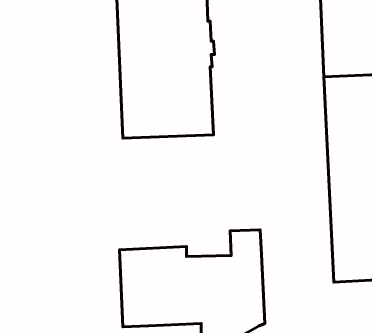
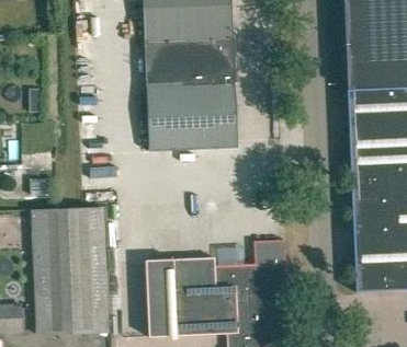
building: none -> [34,207,110,334]

